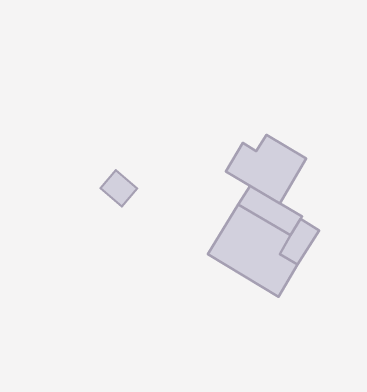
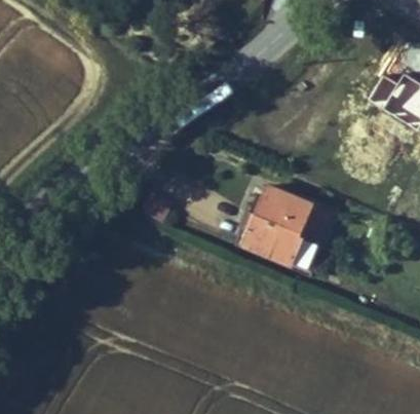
building: [226,135,306,203] -> none

